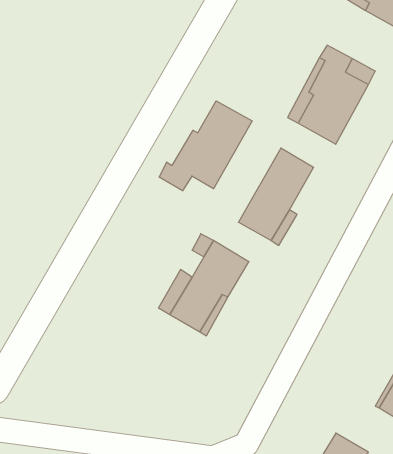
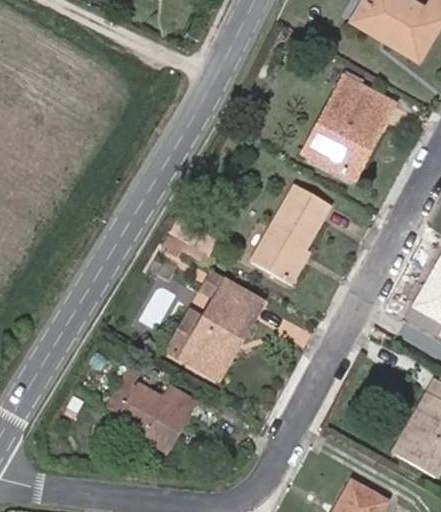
building: [159,101,252,191] -> none
building: none -> [118,384,195,450]

